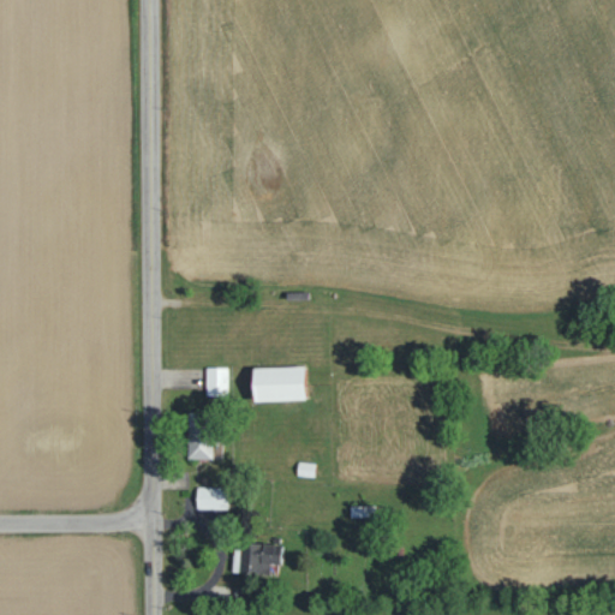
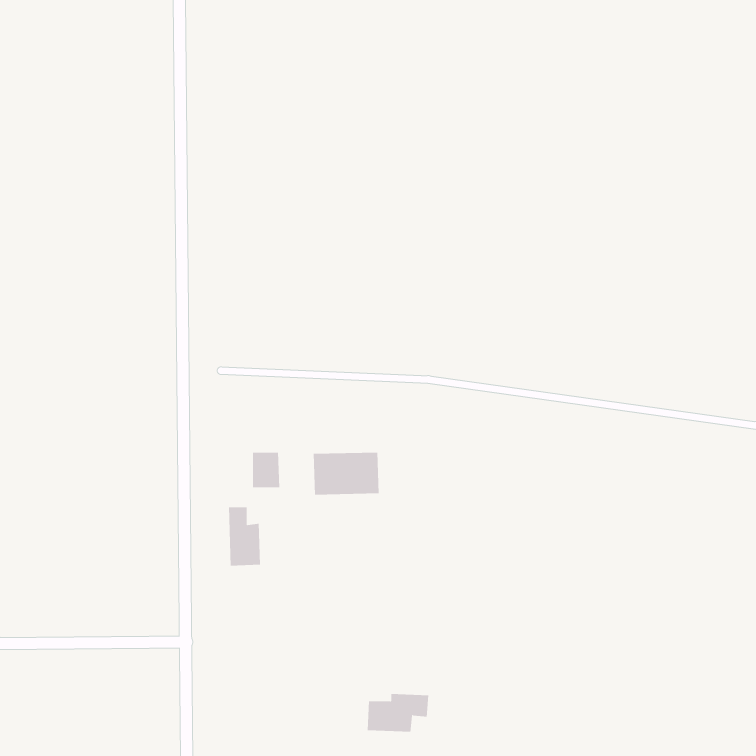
building: [196,488,227,509] -> none
building: [232,544,282,575] -> [367,694,429,732]

